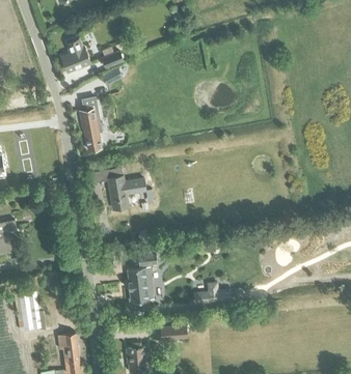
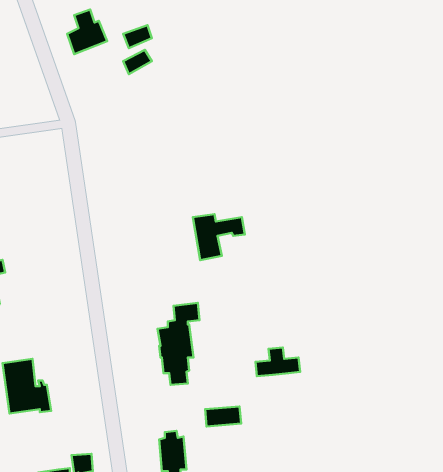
building: [80,96,103,150] -> none
building: [108,175,145,208] -> [193,214,245,260]
building: [57,332,79,359] -> none

